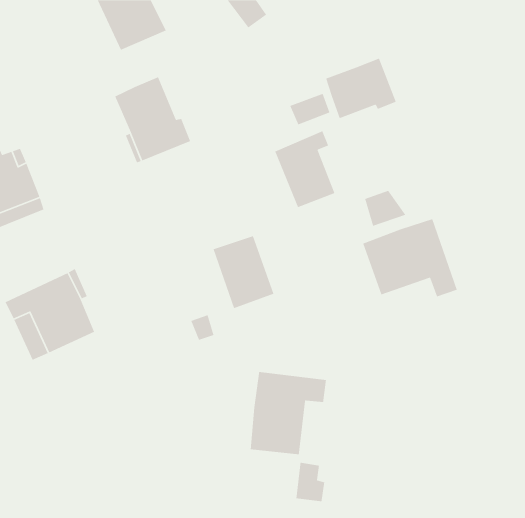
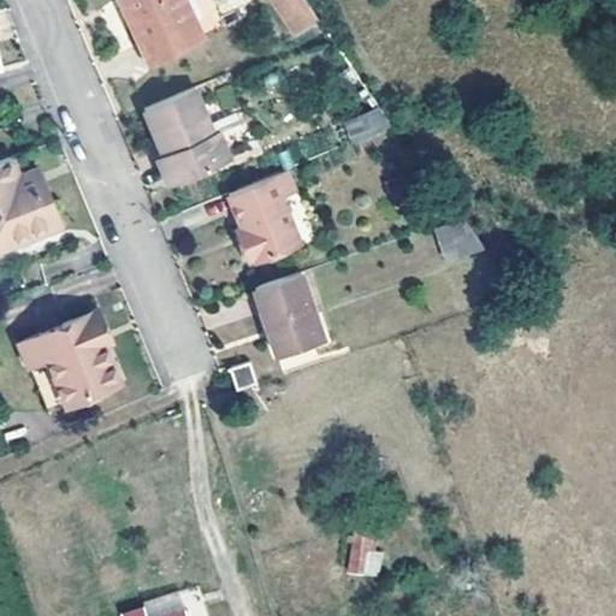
building: [325,58,397,119] -> none
building: [274,130,335,208] -> [226,171,296,260]
building: [362,218,458,297] -> none
building: [250,371,327,455] -> none

